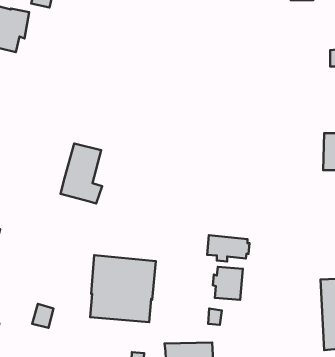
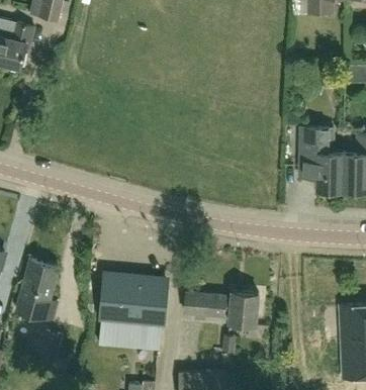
building: none -> [299,127,343,191]
building: [60,143,102,203] -> [15,260,59,322]
building: [207,235,250,261] -> [183,292,227,319]

